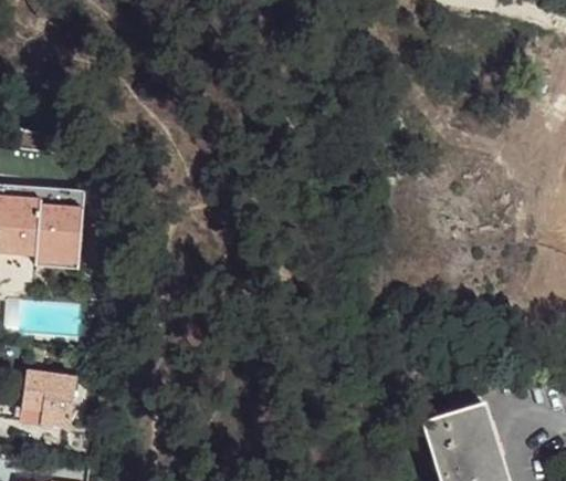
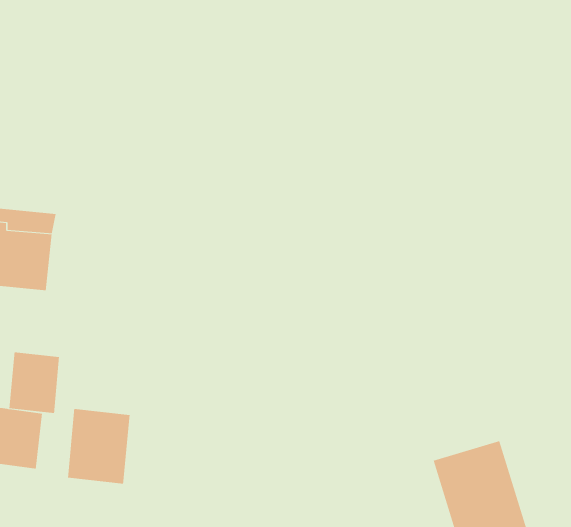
building: none -> [9,352,60,414]
building: none -> [67,408,130,484]

